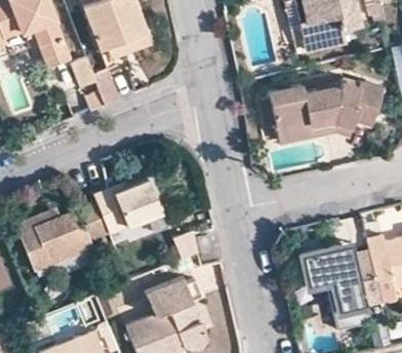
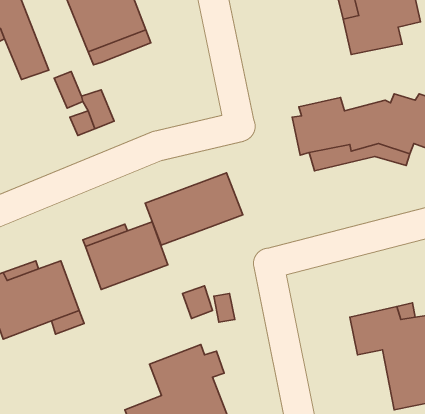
building: none -> [145,173,243,245]

